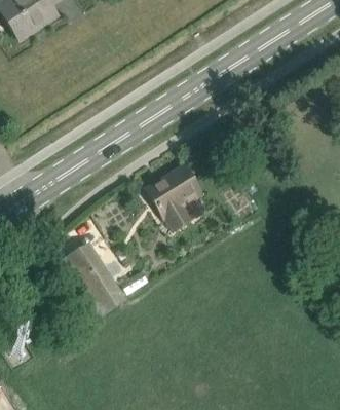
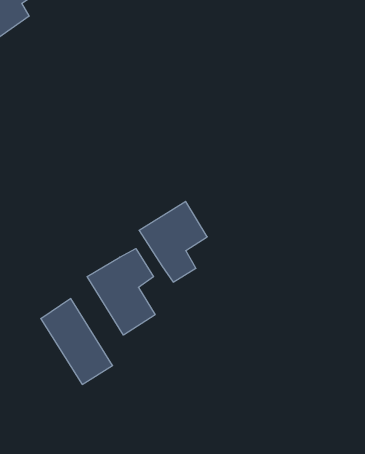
building: none -> [87,249,155,335]

